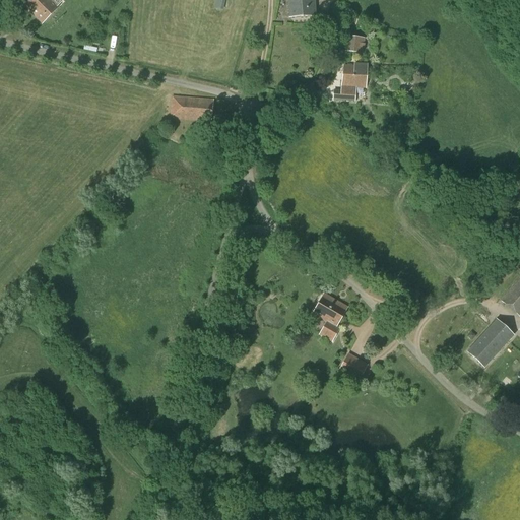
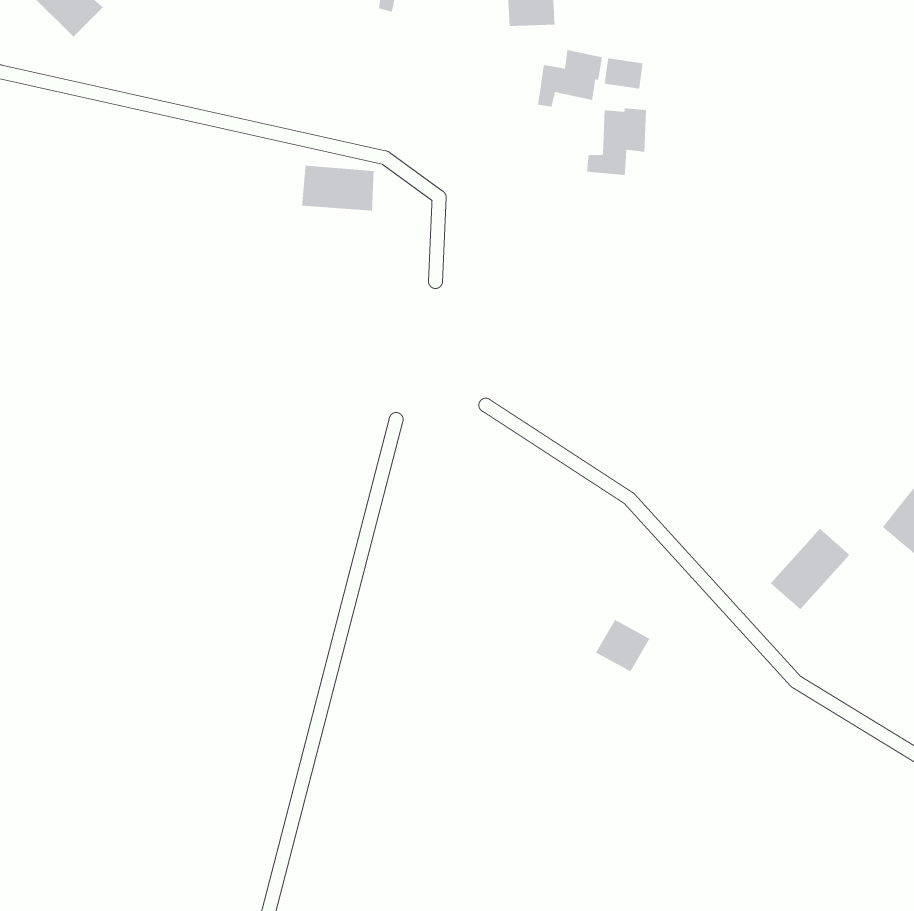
building: none -> [537,49,603,107]
building: [313,291,348,339] -> none
building: [468,318,514,365] -> [770,528,850,610]

